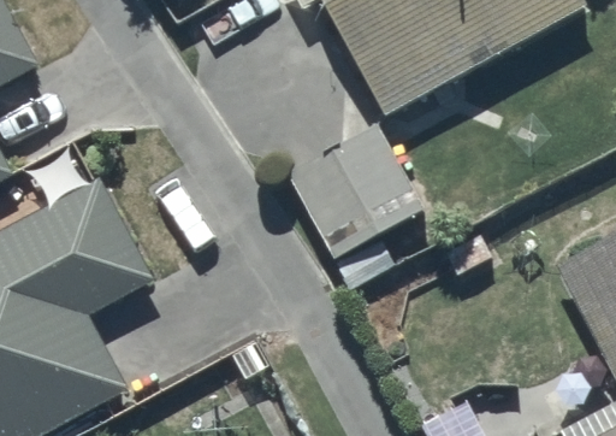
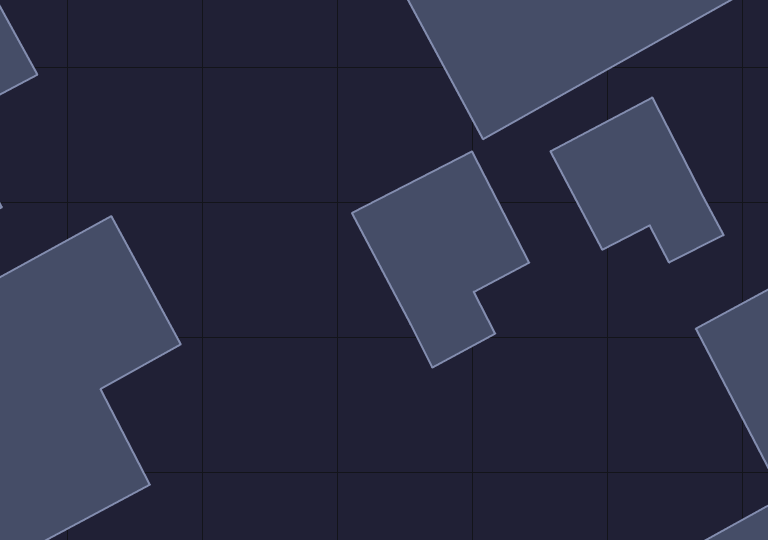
building: none -> [551,97,724,263]

